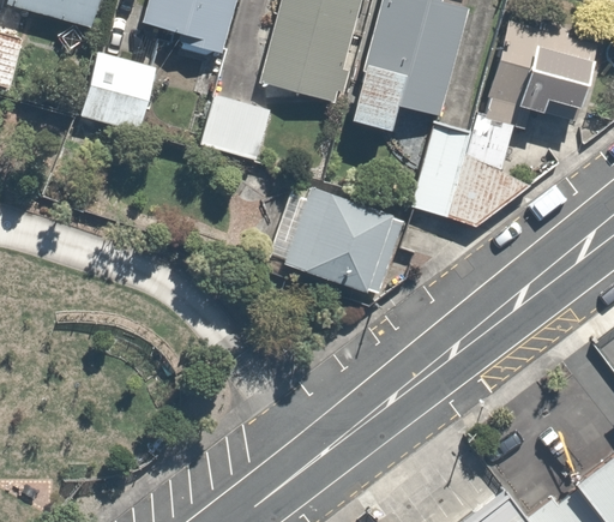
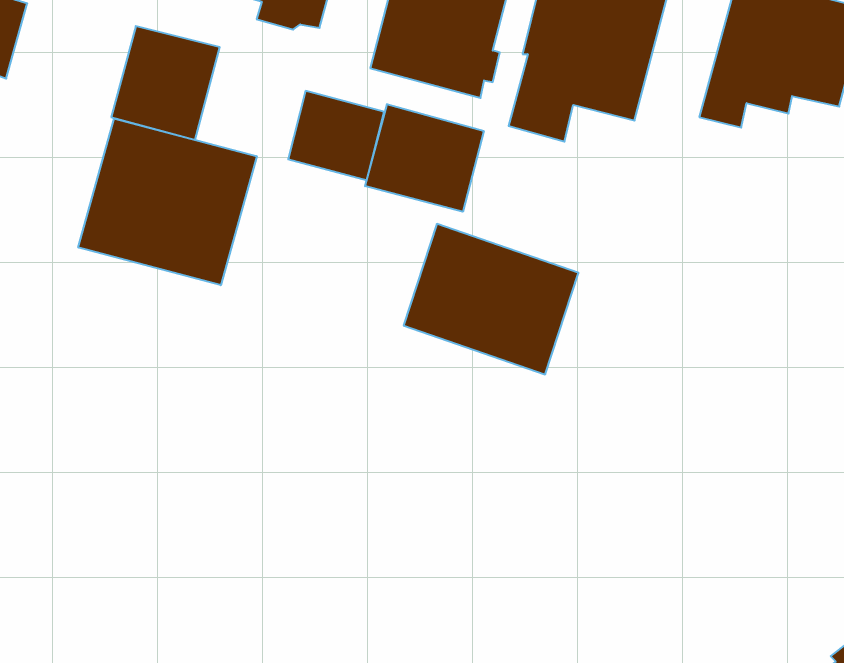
building: none -> [365,104,484,212]
building: [413,113,531,228] -> none
building: none -> [78,118,257,285]

